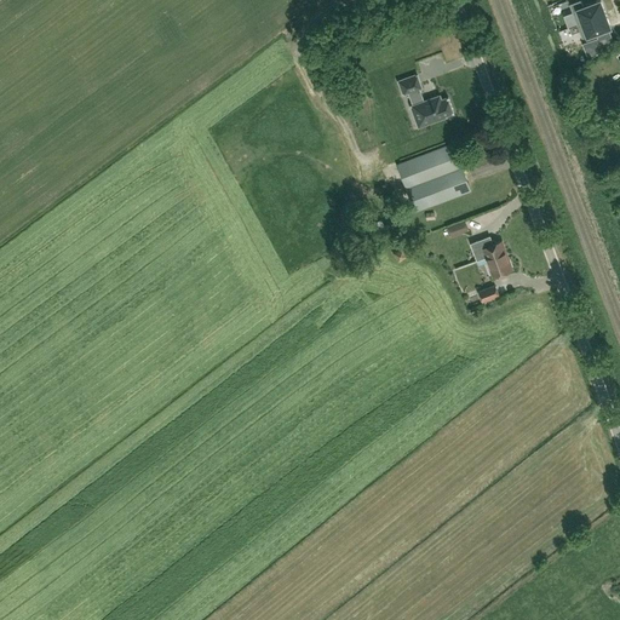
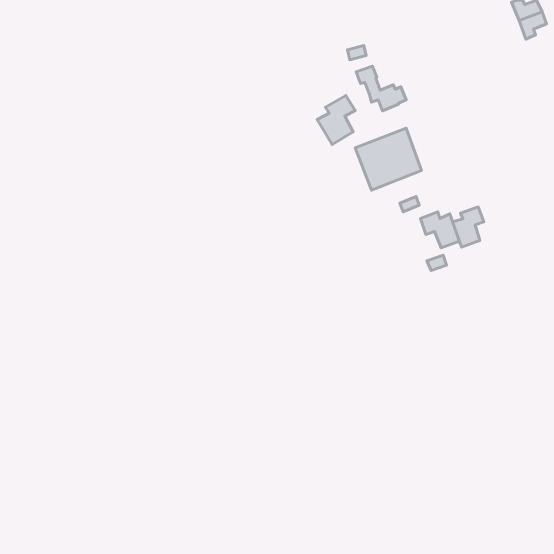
building: none -> [317,96,355,145]
building: none -> [453,207,484,247]

